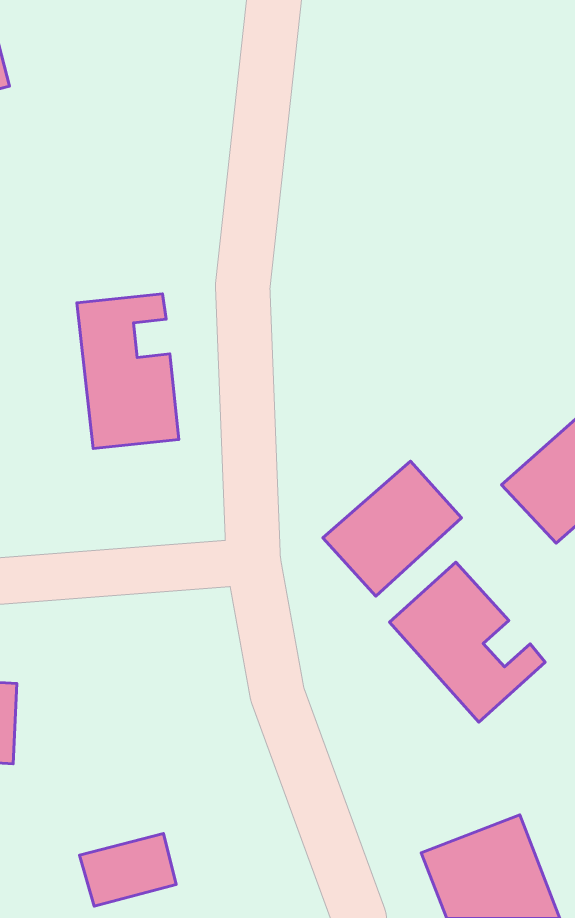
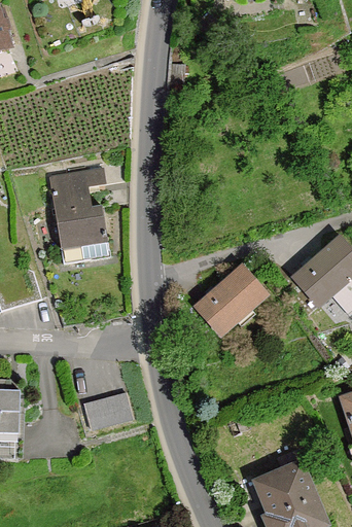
building: [389,562,545,722] -> none
building: [80,833,176,906] -> [78,389,133,430]

